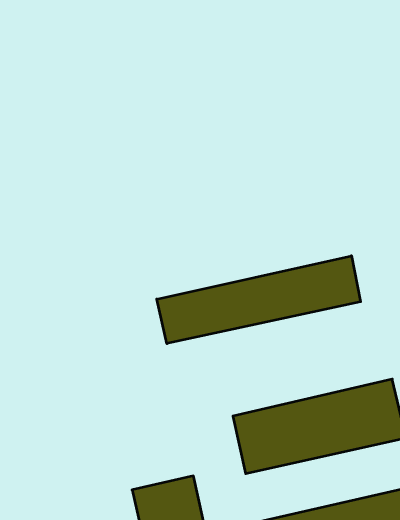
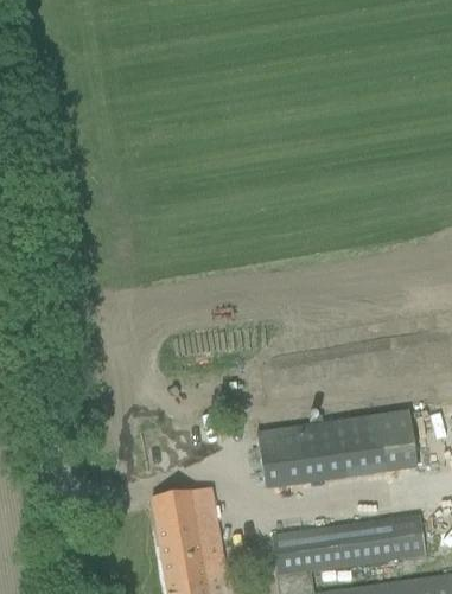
building: [157,256,361,344] -> none

